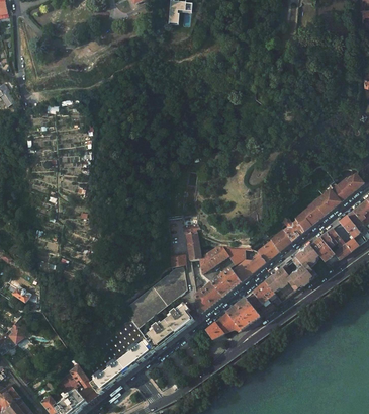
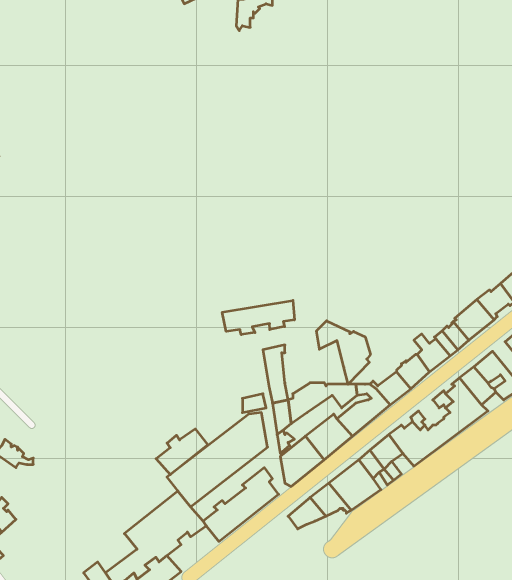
building: none -> [222,300,294,335]
building: none -> [317,321,370,384]
building: [122,340,156,369] -> [156,429,208,475]

